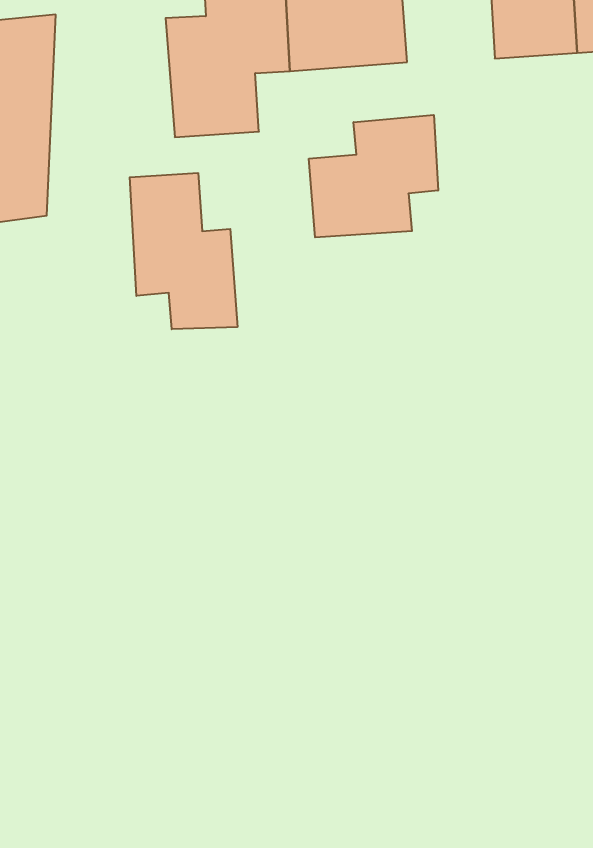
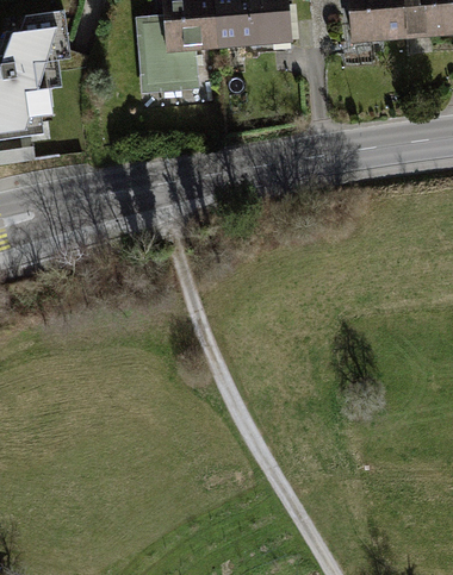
building: [309,115,438,237] -> none
building: [130,173,237,329] -> none

